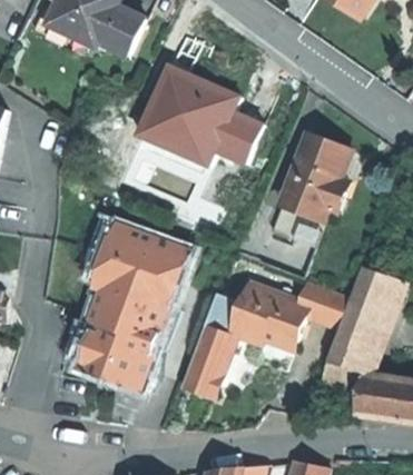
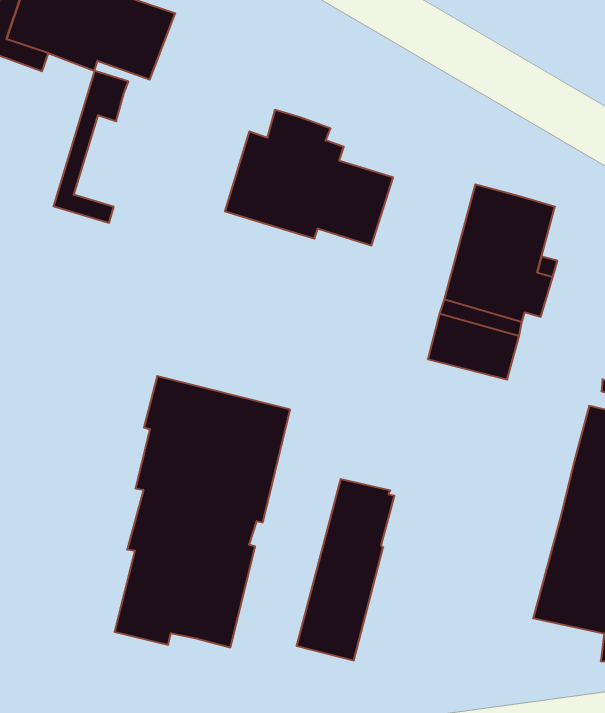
building: [148,66,197,154] -> [53,71,128,223]
building: [234,281,348,348] -> none

